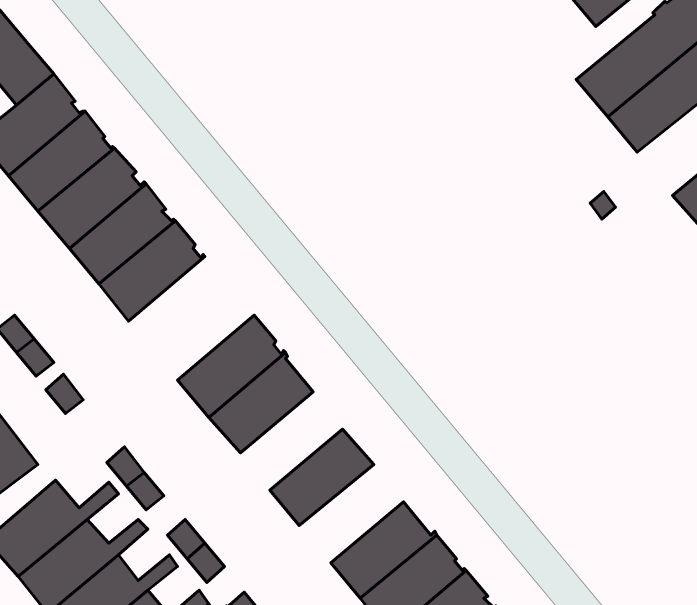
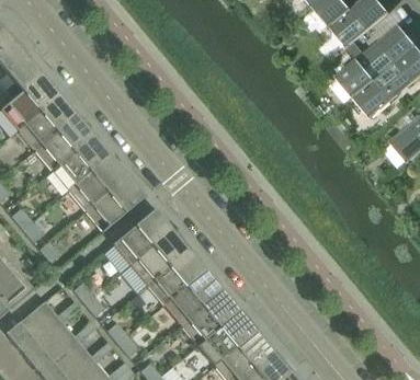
building: none -> [84,175,145,232]
building: none -> [147,251,204,306]
building: none -> [180,291,238,346]

